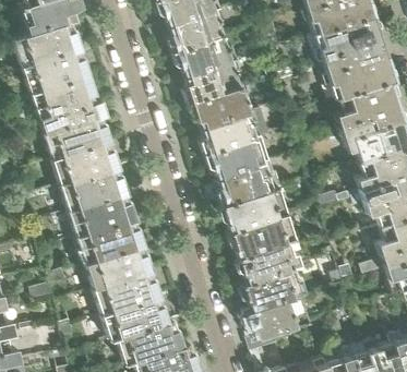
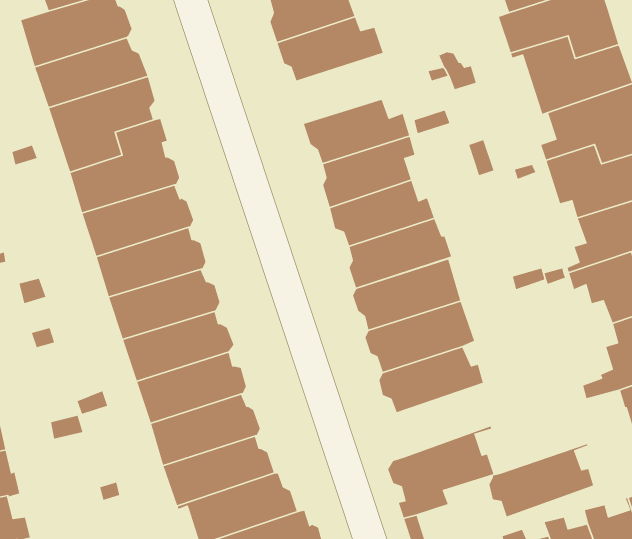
building: [185,60,243,104] -> none
building: [241,265,307,311] -> [489,444,594,517]

